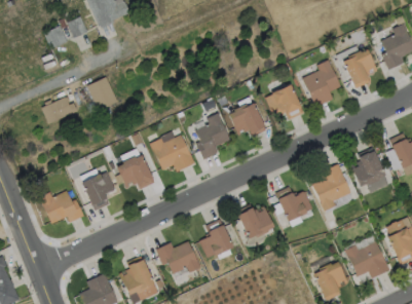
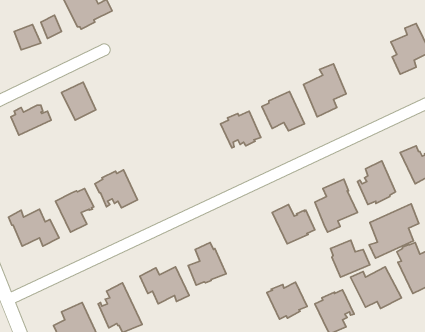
building: [342,50,377,85] -> none
building: [195,113,230,159] -> none
building: [150,135,194,172] -> none
building: none -> [369,204,419,258]
building: [237,205,273,238] -> [267,282,307,319]
building: none -> [331,240,370,277]

